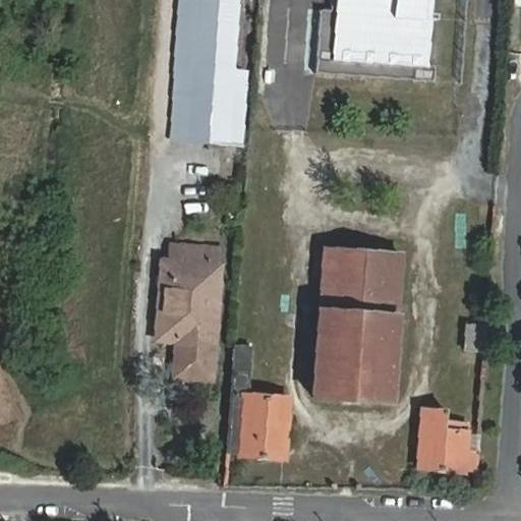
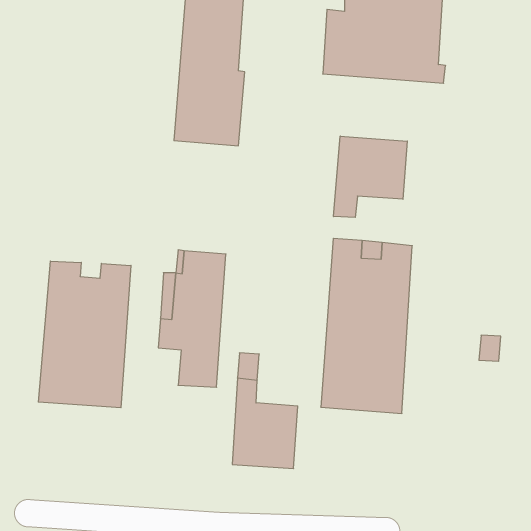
building: none -> [334,136,407,217]
building: none -> [38,261,131,408]
building: [421,411,480,471] -> none

